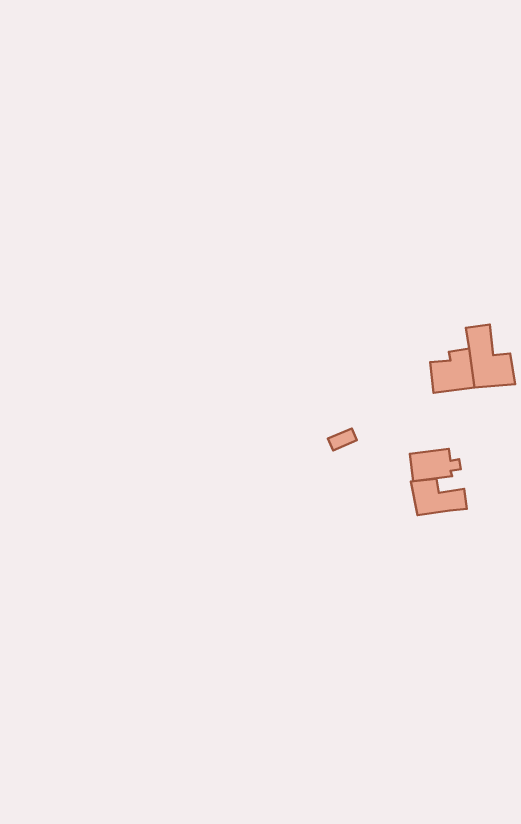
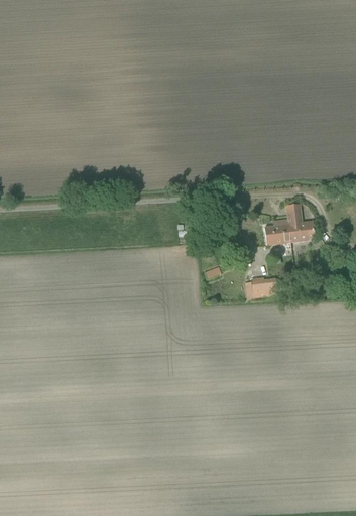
building: [411,479,467,515] -> none

